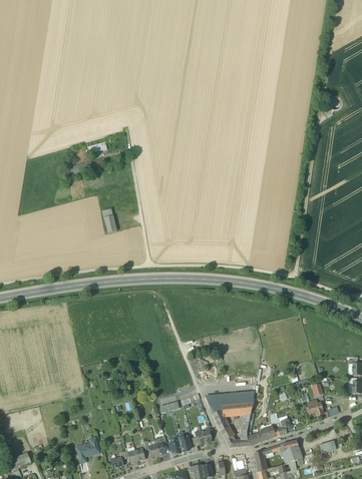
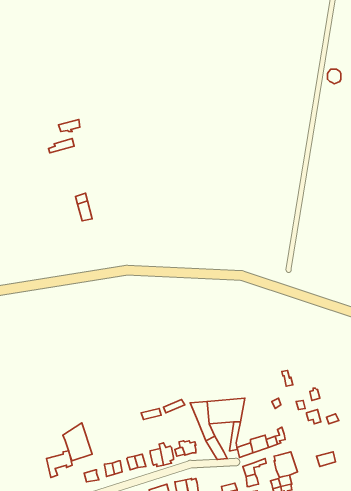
building: none -> [63,423,92,461]

